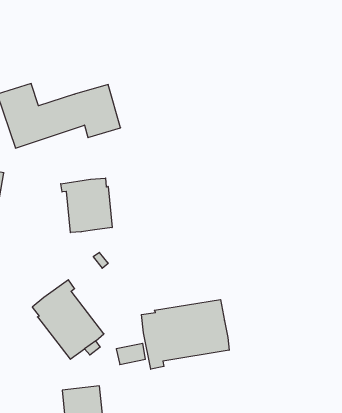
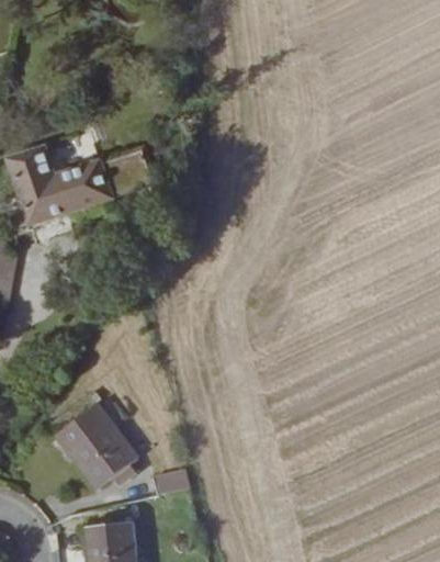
building: [61,178,112,233] -> none
building: [141,300,229,369] -> none

